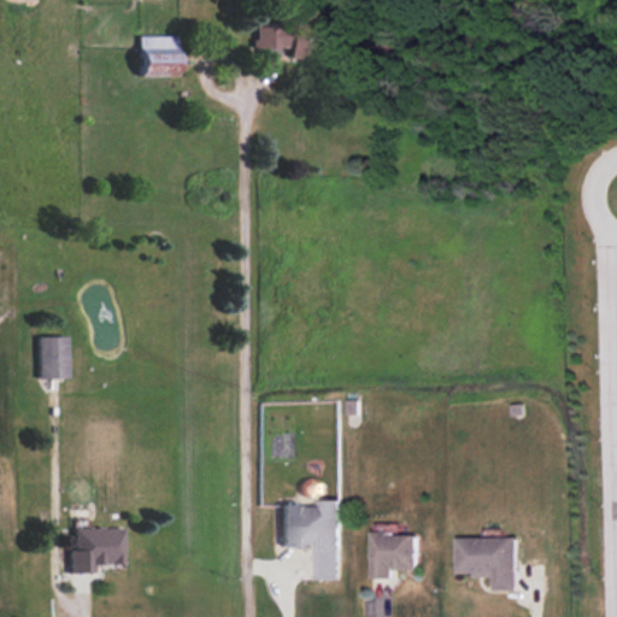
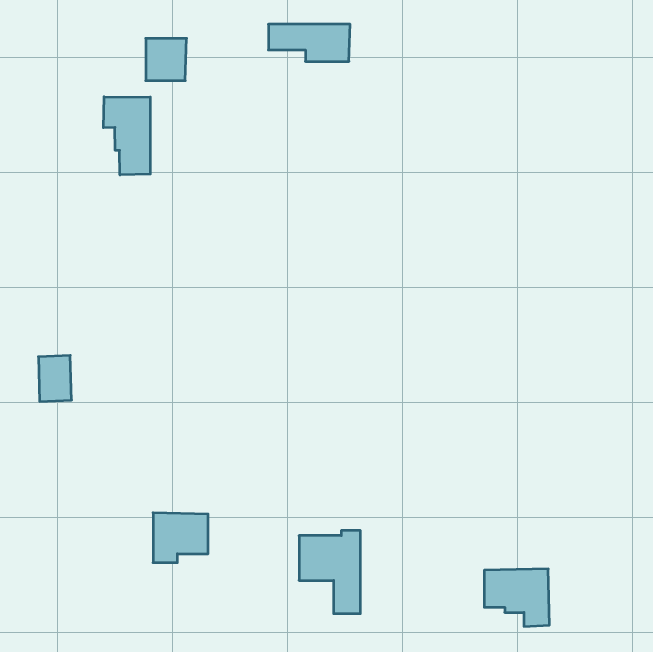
building: none -> [103,97,150,175]
building: [70,527,122,574] -> [153,513,208,563]
building: [370,534,417,580] -> none

